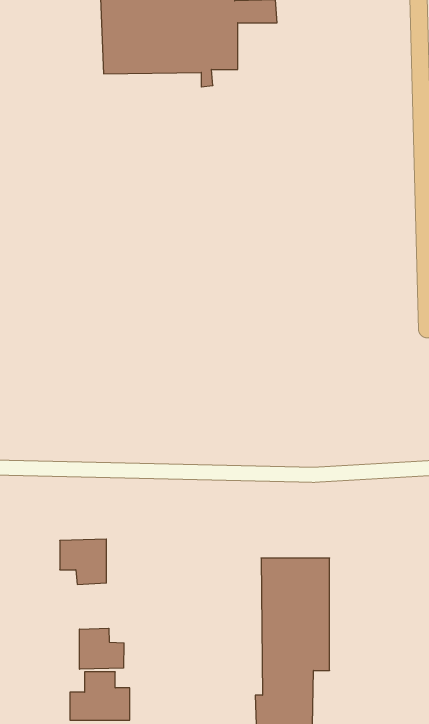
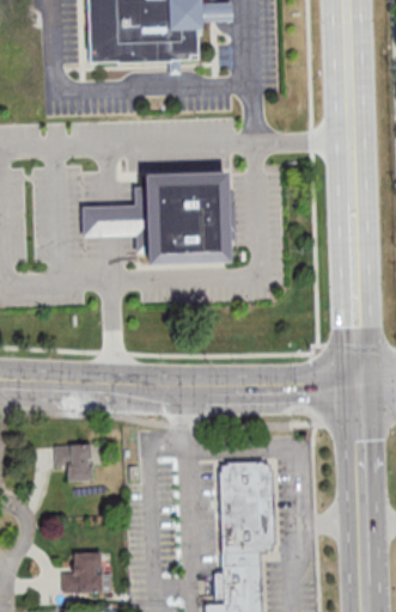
building: none -> [81,171,234,264]
building: [80,628,124,669] -> none

